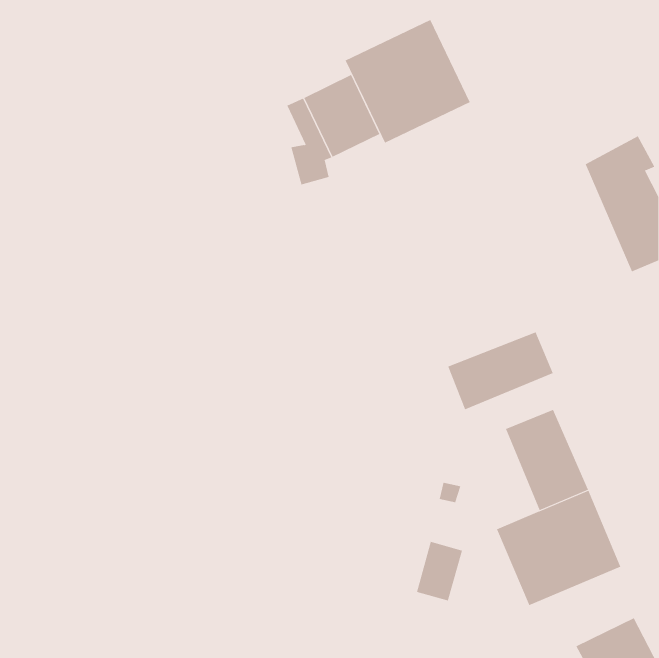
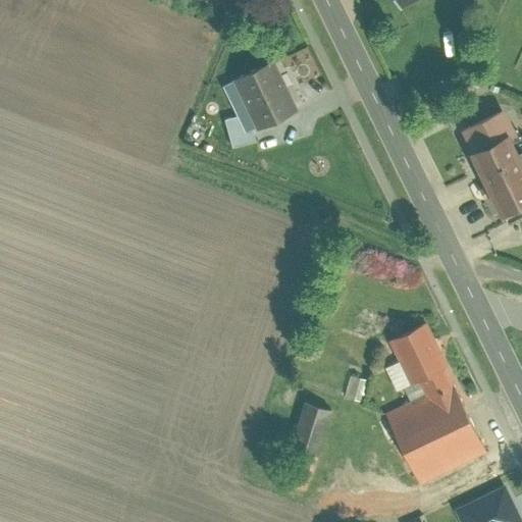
building: [345,19,470,143] -> none
building: [447,331,554,410] -> none
building: [416,541,463,601] -> [297,405,333,452]

